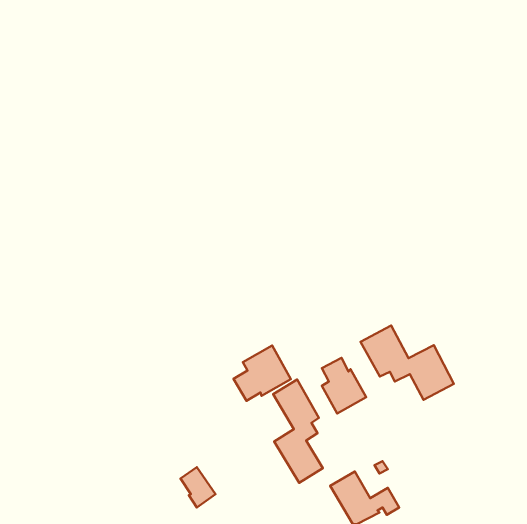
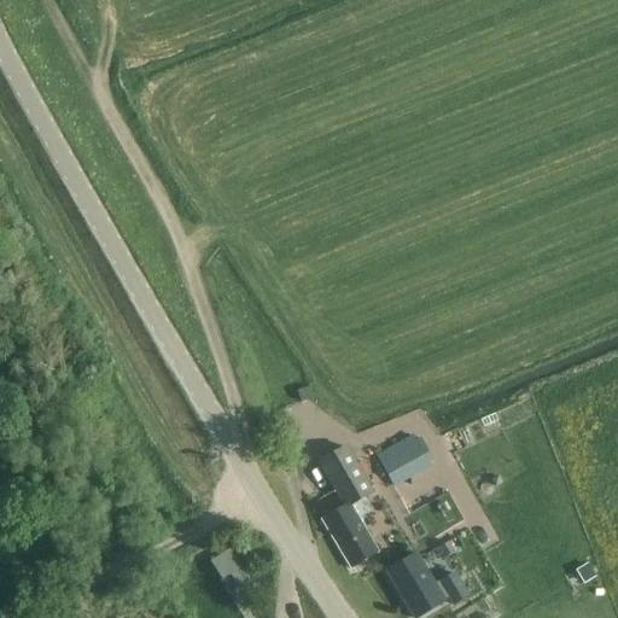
building: [361,326,454,400] -> none
building: [234,346,291,401] -> none

